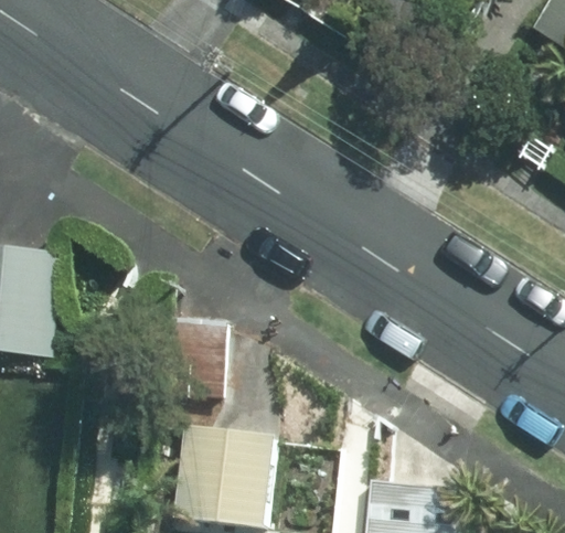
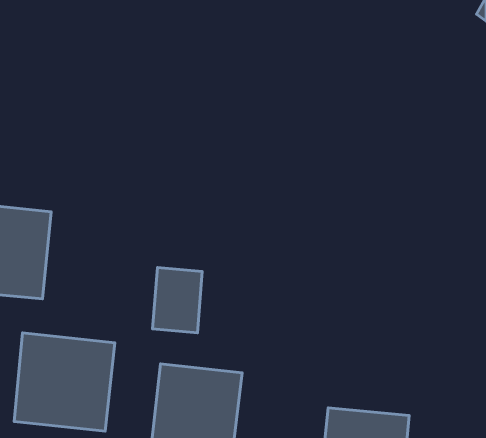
building: none -> [14,333,115,431]

